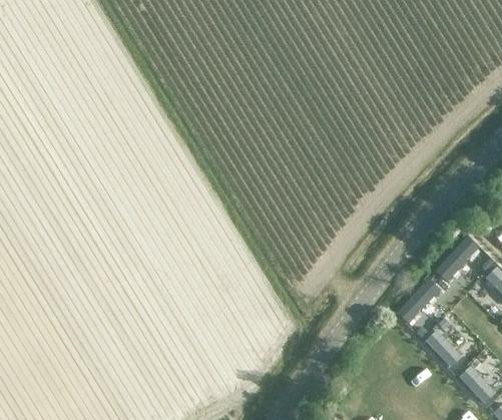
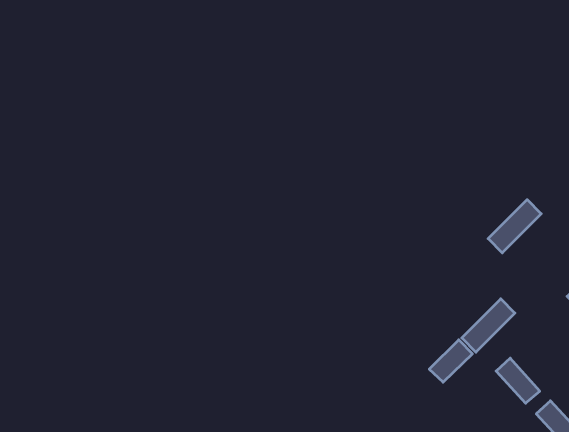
building: [435,238,480,283] -> [488,200,541,253]
building: none -> [429,340,472,382]

